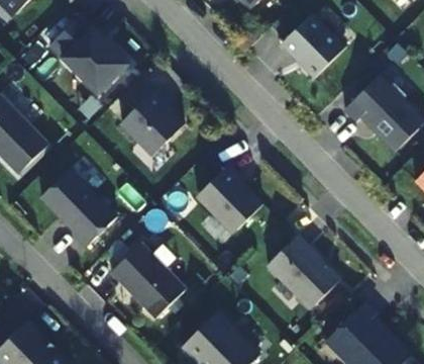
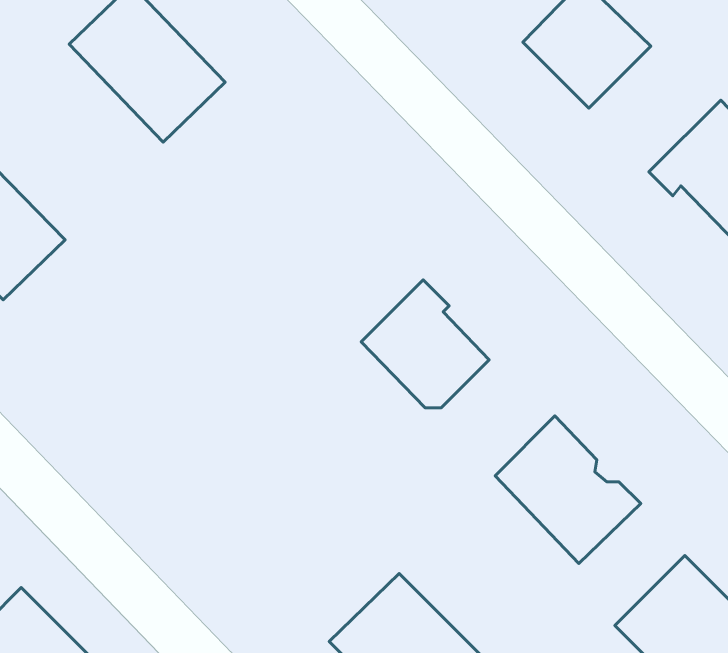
building: [120,91,184,158] -> none
building: [39,169,116,248] -> none
building: [110,243,187,320] -> none

